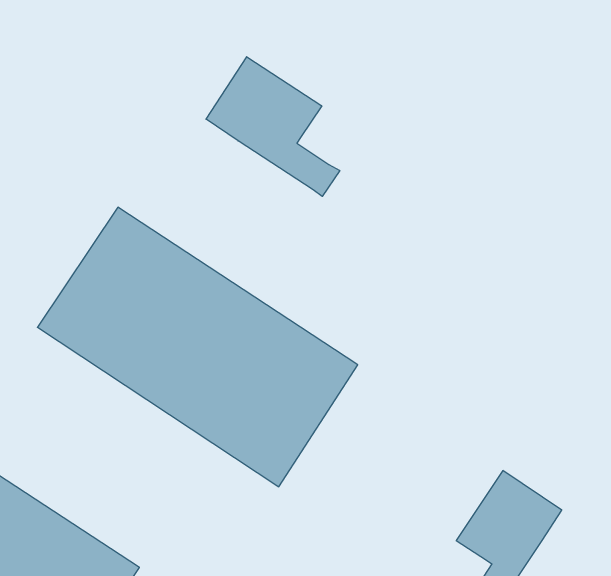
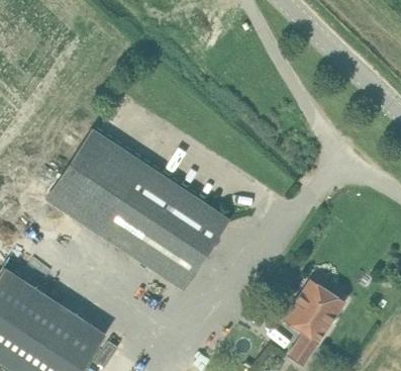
building: [206,57,340,196] -> none

